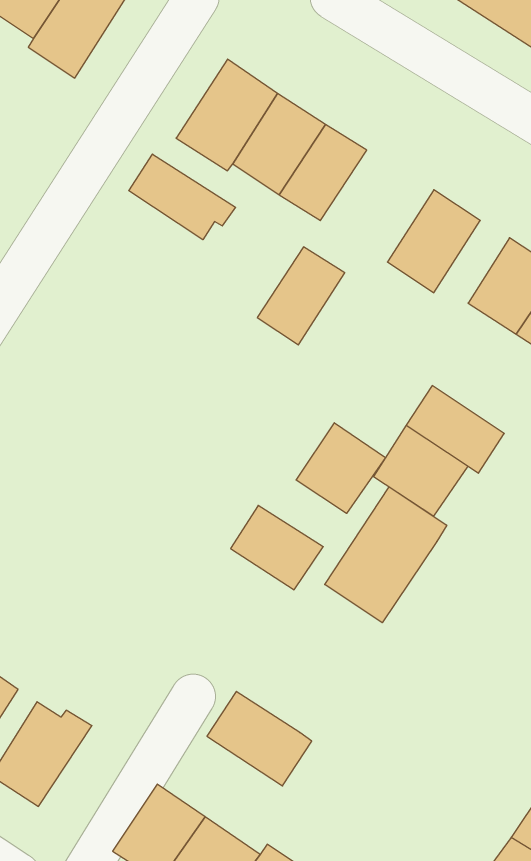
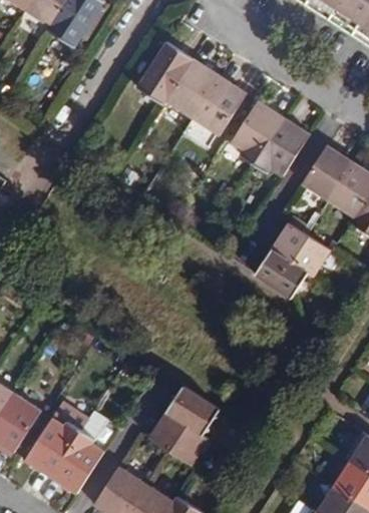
building: [129,154,236,240] -> none
building: [257,247,345,345] -> [233,101,284,158]
building: [296,423,386,513] -> none
building: [325,487,447,623] -> none
building: [231,505,323,590] -> [168,384,223,433]
building: none -> [53,429,109,495]

